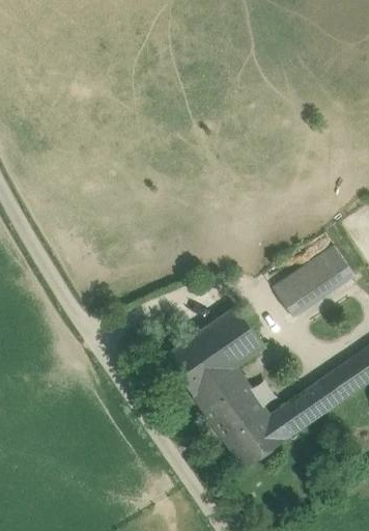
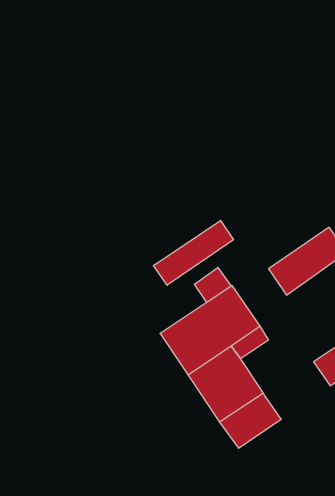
building: none -> [153,220,233,285]
building: none -> [194,267,231,303]
building: [269,382,335,439] -> none

